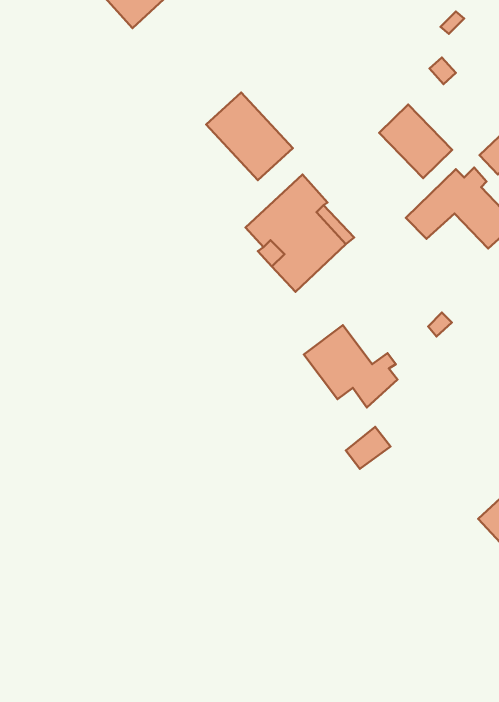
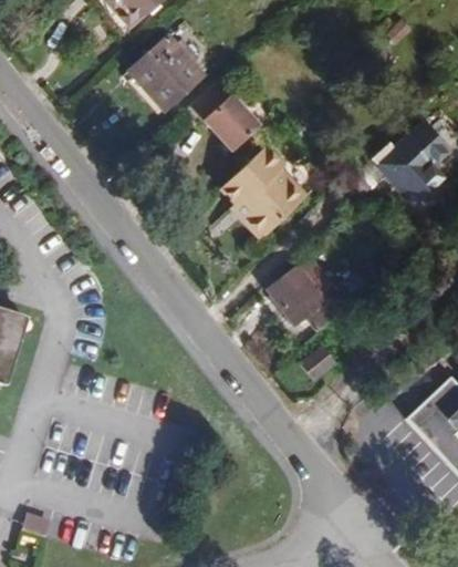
building: none -> [131,35,205,110]
building: [379,104,452,178] -> none

